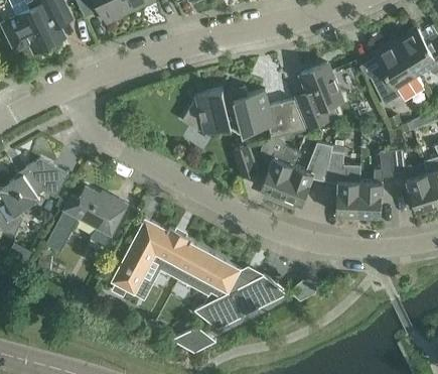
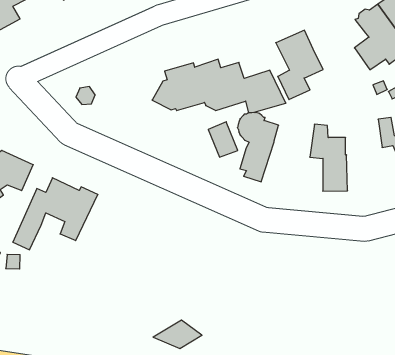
building: [279,143,332,209] -> none
building: [358,151,393,217] -> none
building: [111,219,286,330] -> none

